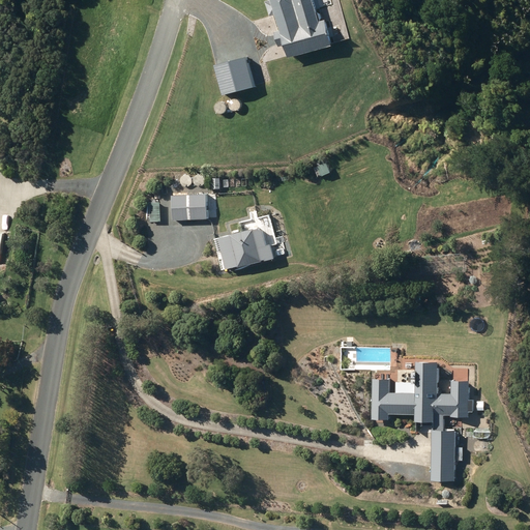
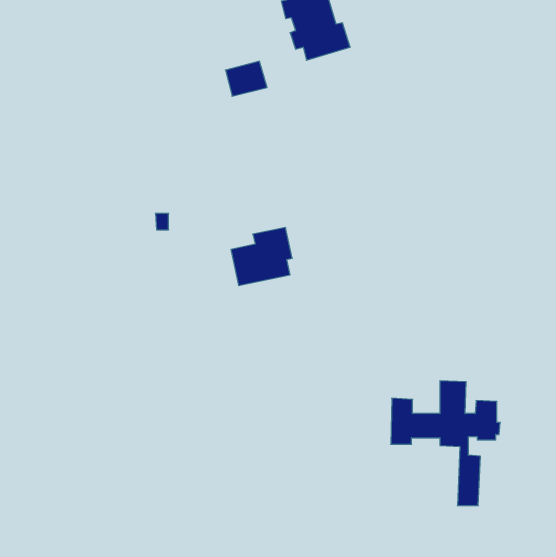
building: [172,194,208,220] -> none

